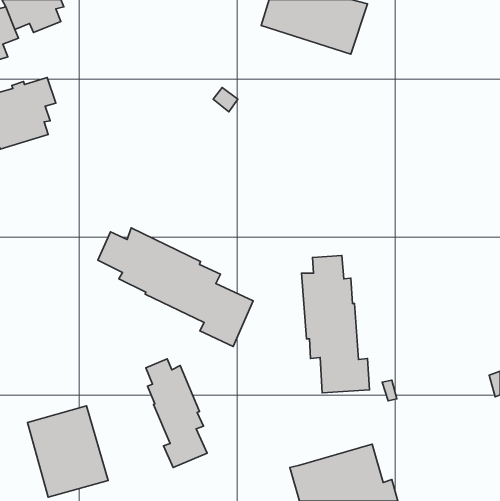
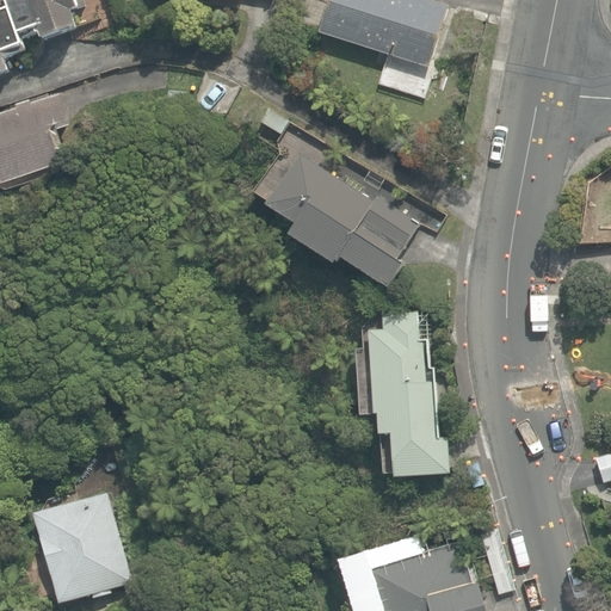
building: none -> [266,154,418,290]
building: [98,228,253,347] -> none
building: [146,359,207,468] -> none

